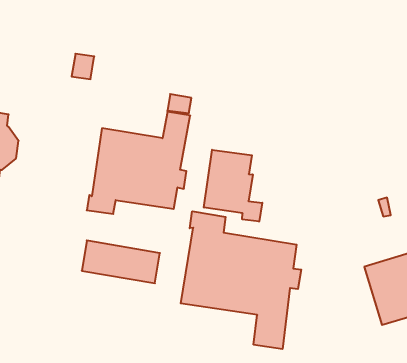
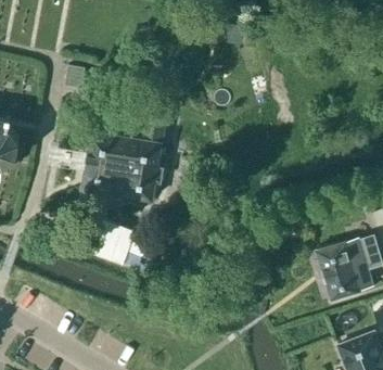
building: [204,150,262,222] -> none
building: [181,211,301,349] -> none

